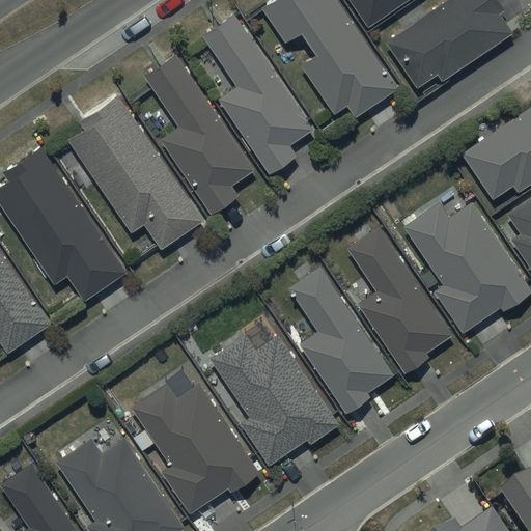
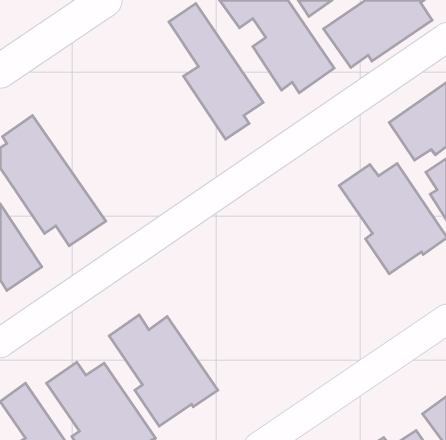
building: [143,53,255,213] -> none
building: [67,92,203,248] -> none
building: [346,226,452,372] -> none
building: [288,266,394,413] -> none
building: [209,334,339,466] -> none

